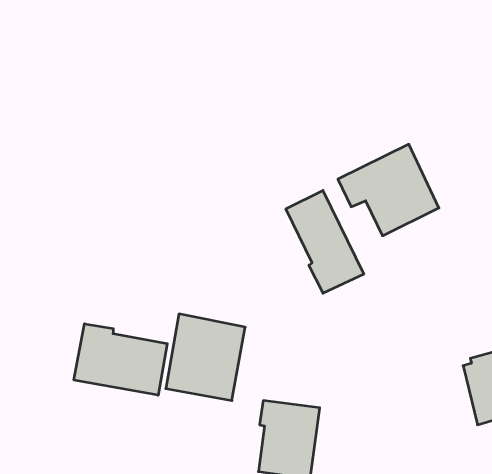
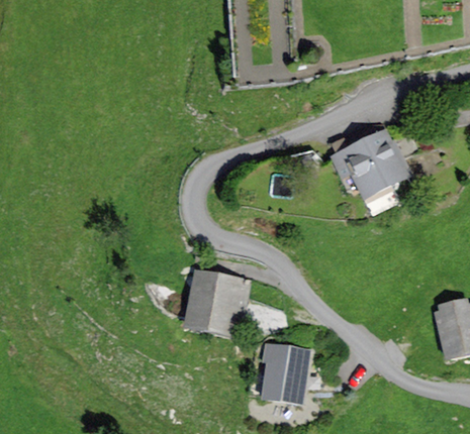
building: [286,190,364,293] -> none
building: [74,324,167,395] -> none

